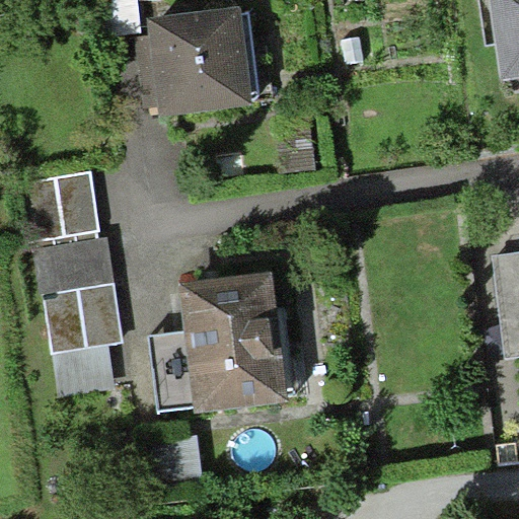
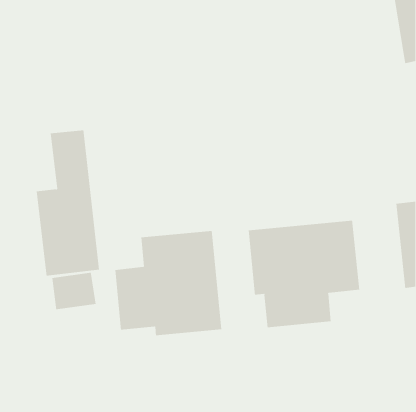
building: [145,10,258,113] -> none
building: none -> [248,220,360,328]

